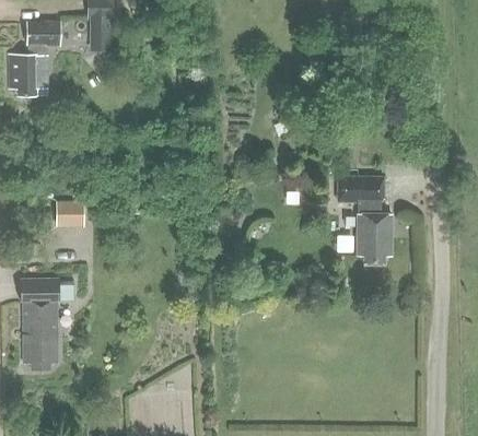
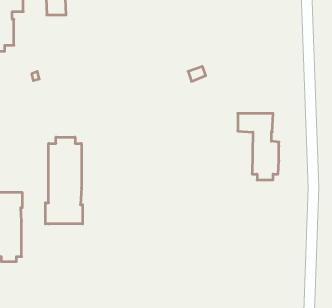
building: [55,199,82,224] -> none
building: none -> [45,137,83,224]

